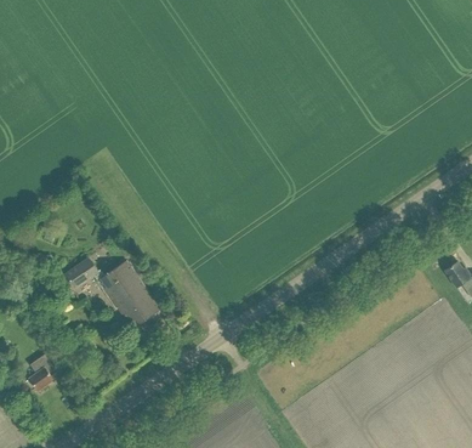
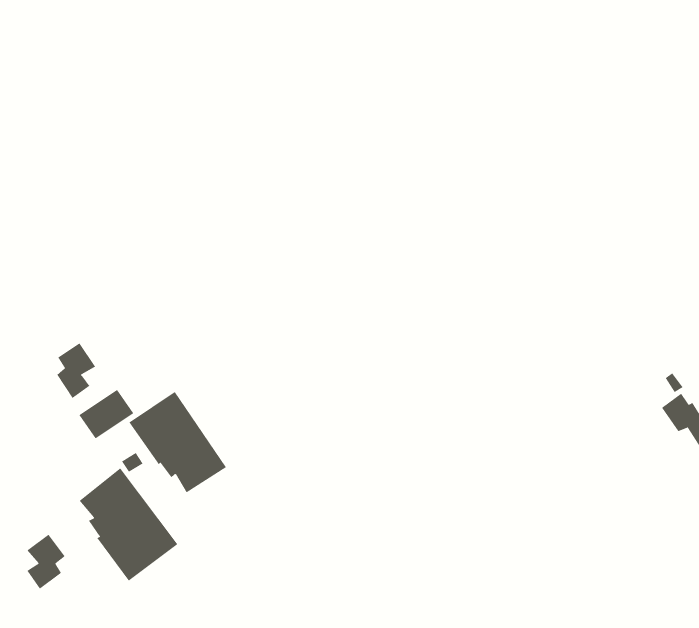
building: none -> [56,343,96,399]
building: none -> [79,467,178,582]

